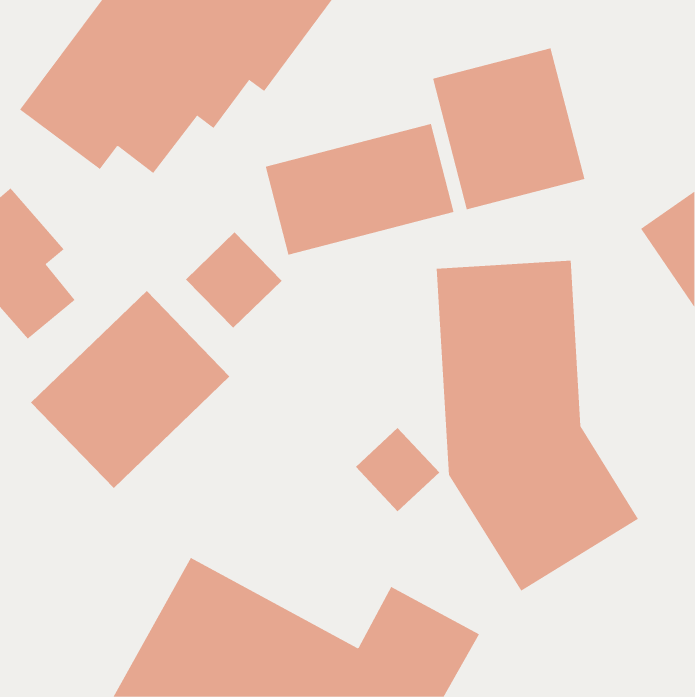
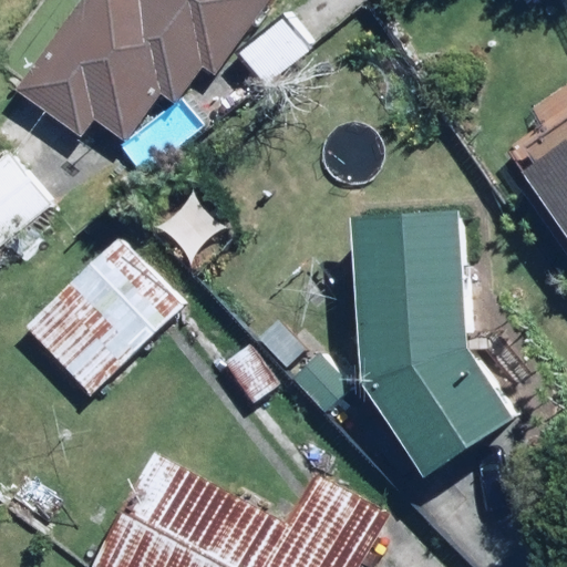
building: [432,48,585,210] -> none
building: [265,123,454,256] -> none

